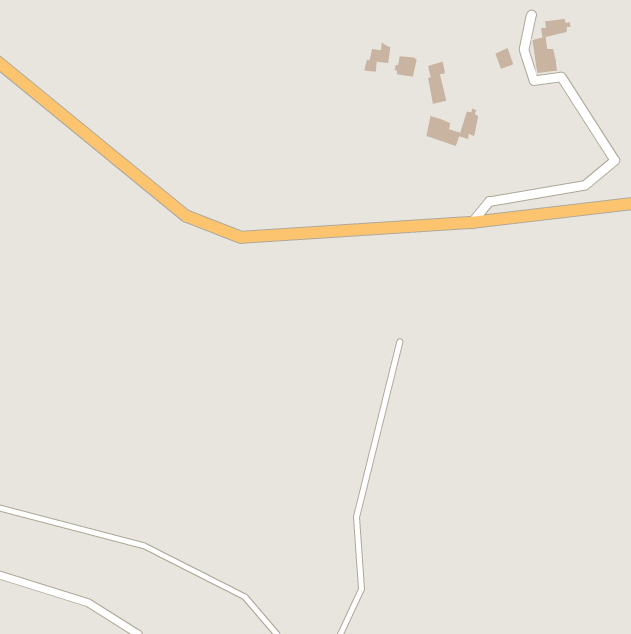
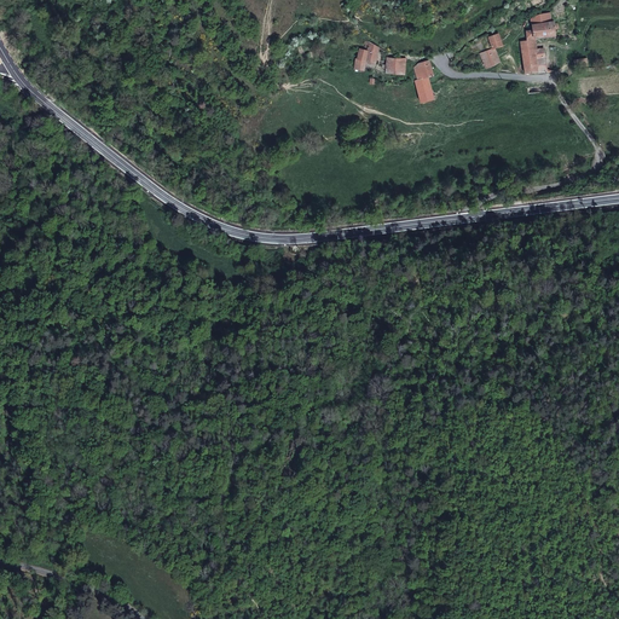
building: [426,108,479,147] -> none

